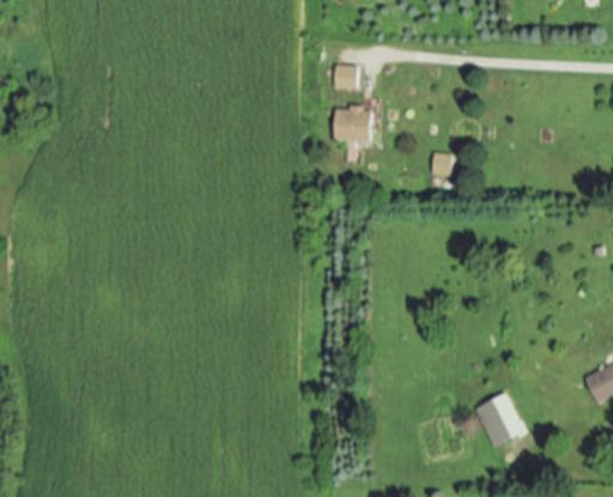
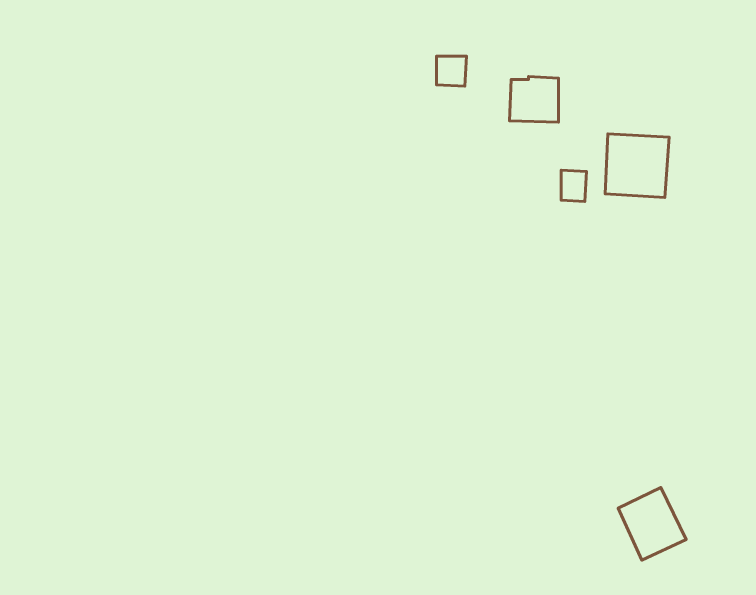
building: [335,107,372,141] -> [510,76,559,122]
building: none -> [605,134,669,198]

